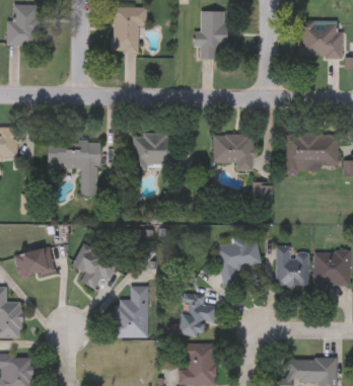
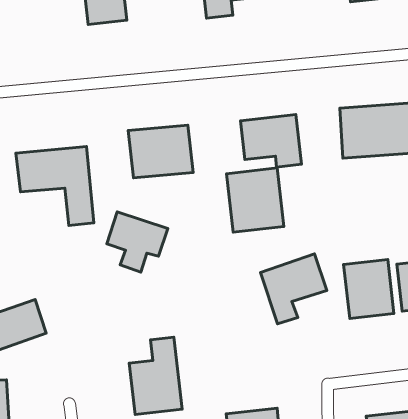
building: none -> [227,168,284,232]
building: [73,244,119,290] -> [107,212,168,272]
building: [180,294,217,337] -> none

